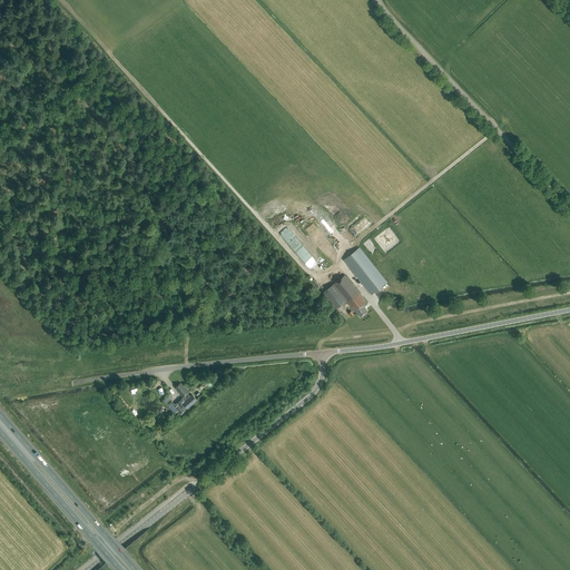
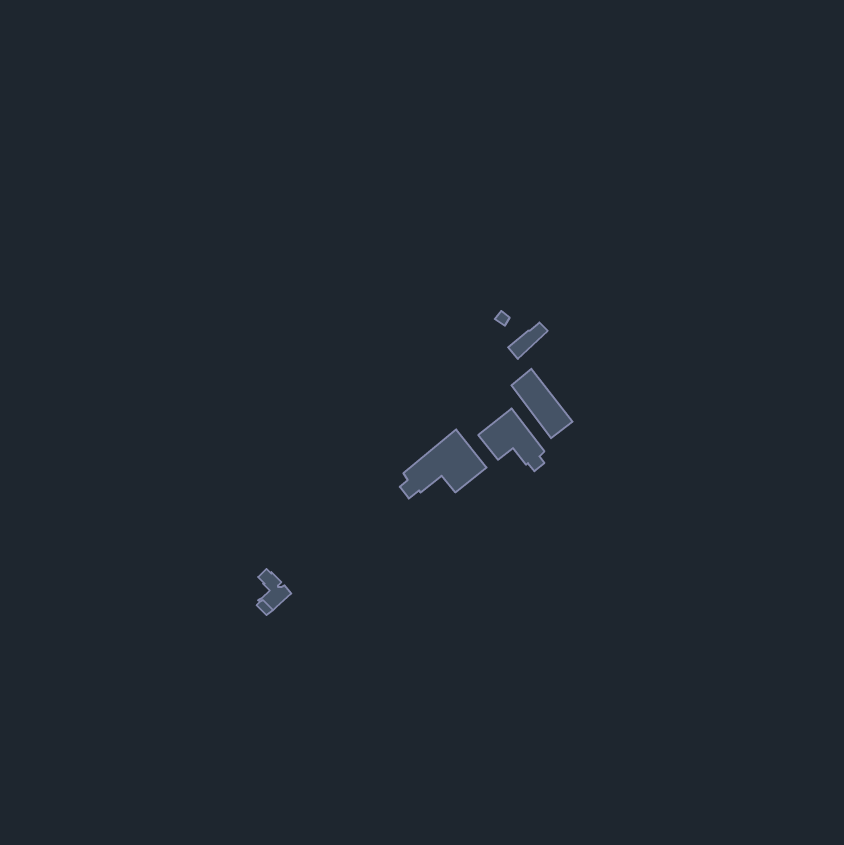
building: none -> [400,429,487,499]

